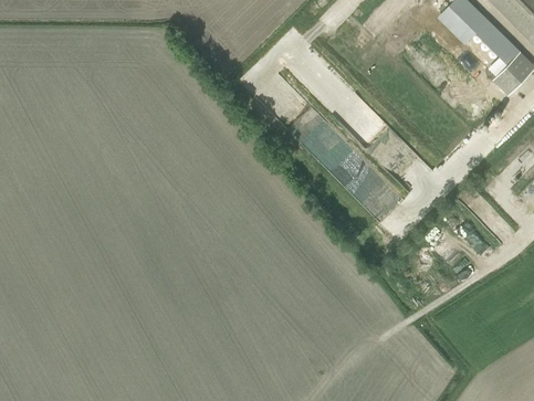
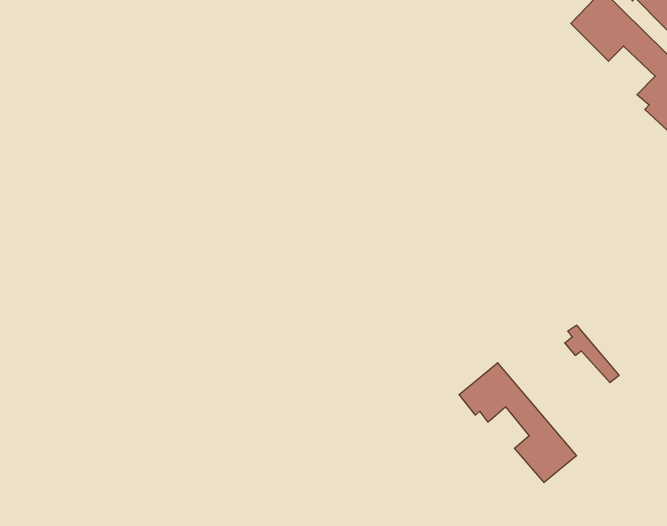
building: none -> [459,363,576,483]

